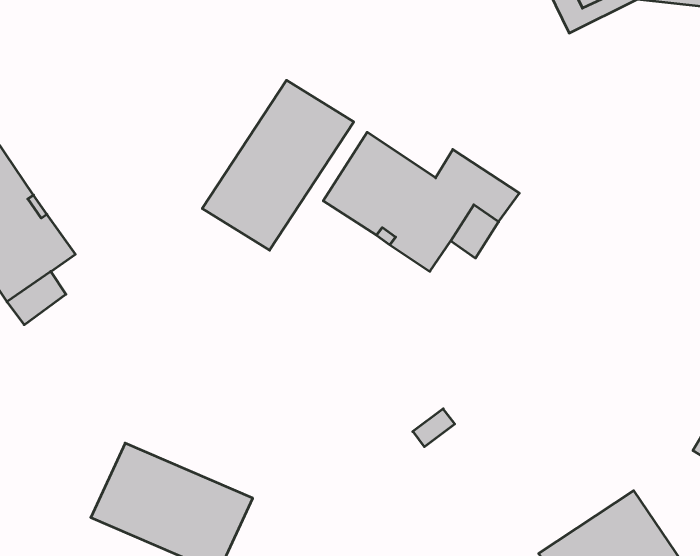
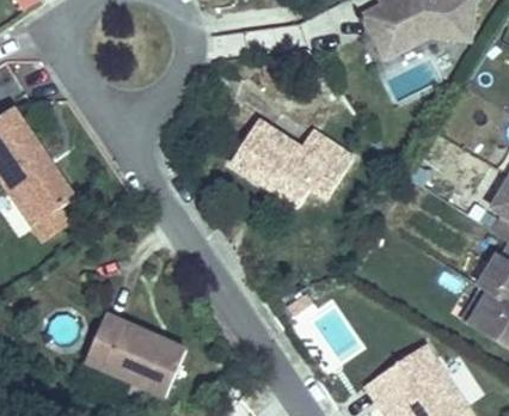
building: [202,80,354,250] -> none

